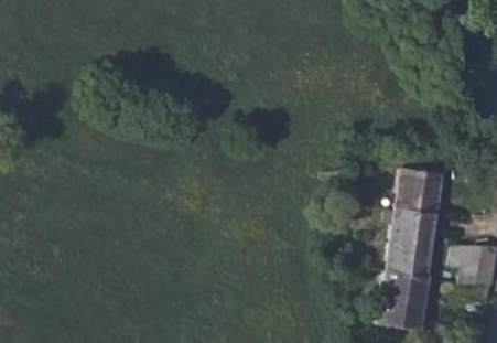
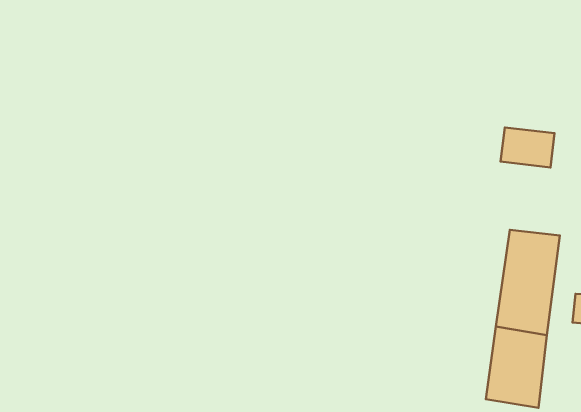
building: [399,168,441,199] -> [501,128,555,167]

